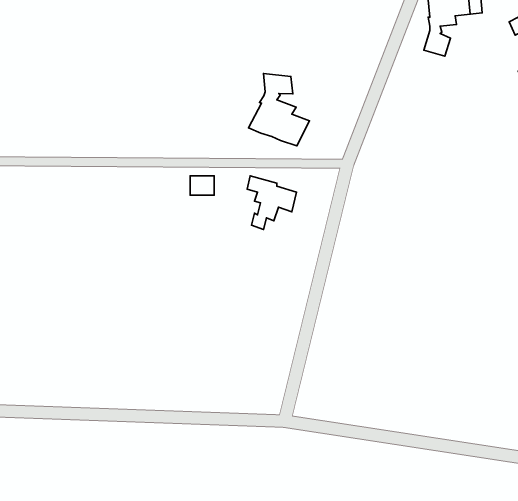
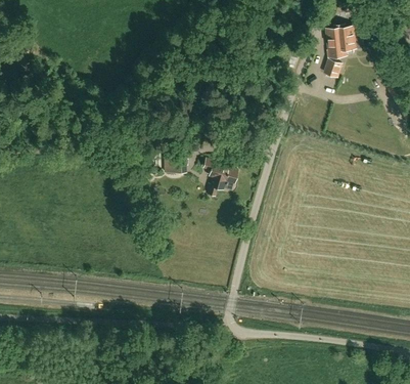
building: [249,74,310,146] -> none

